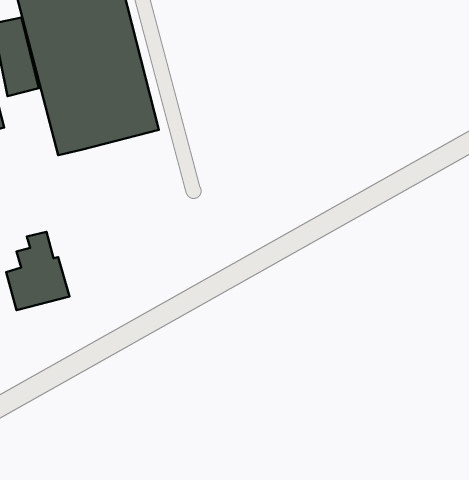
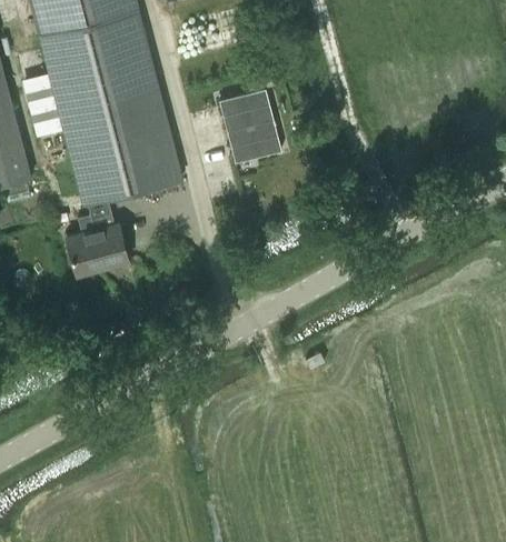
building: none -> [220,88,282,161]
building: [6,232,70,310] -> [69,198,130,273]

